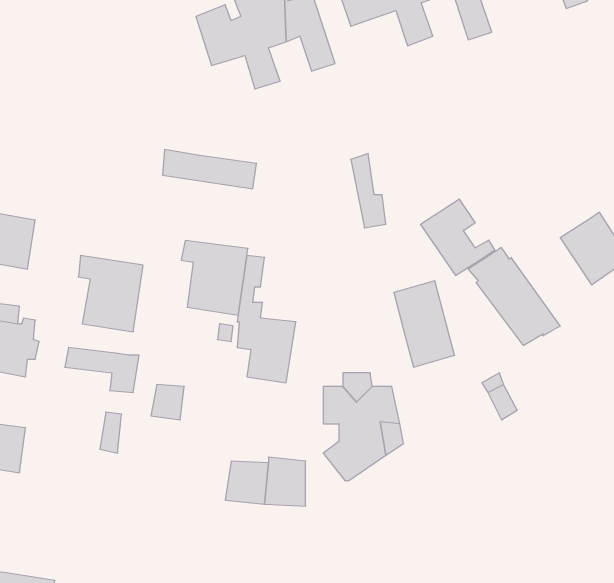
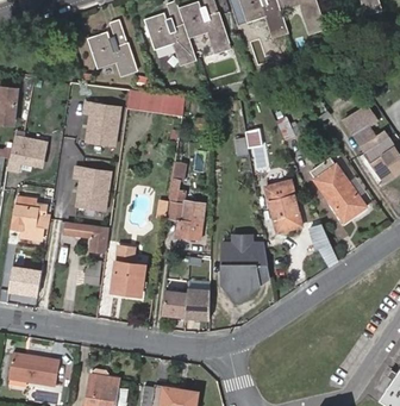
building: none -> [87,19,135,74]
building: [420,199,495,275] -> [344,107,389,154]
building: [181,241,248,315] -> [81,101,121,146]
building: none -> [113,262,145,294]

